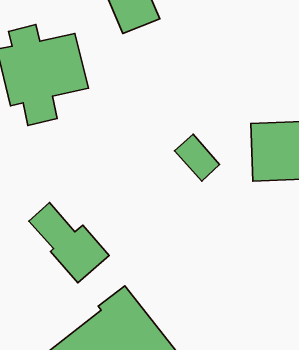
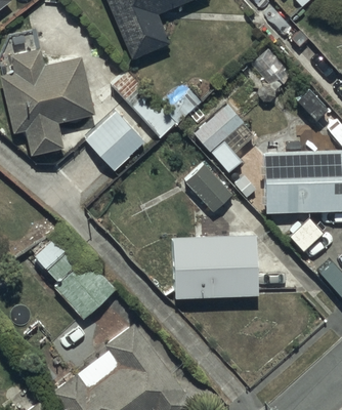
building: none -> [194,106,243,174]
building: none -> [86,114,143,171]
building: none -> [171,235,257,296]

